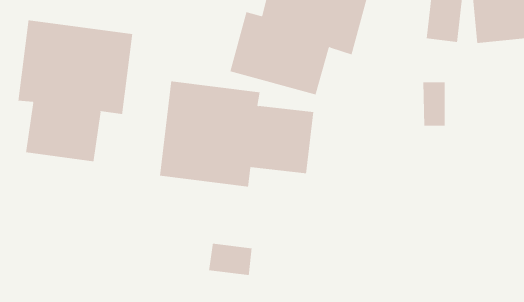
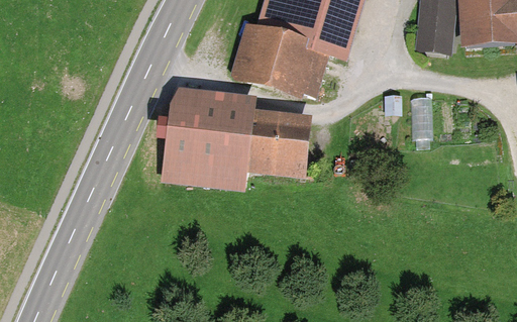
building: [18,20,133,162] -> none
building: [208,243,252,276] -> none

